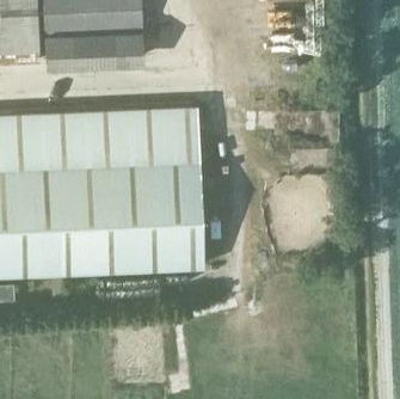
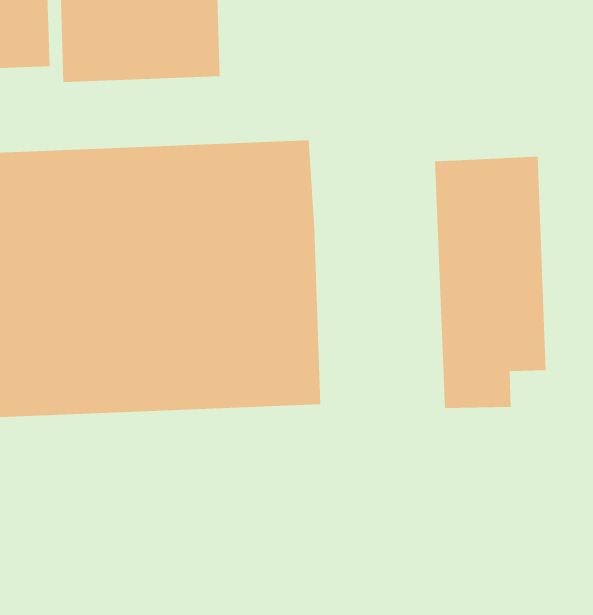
building: none -> [435,156,546,409]

